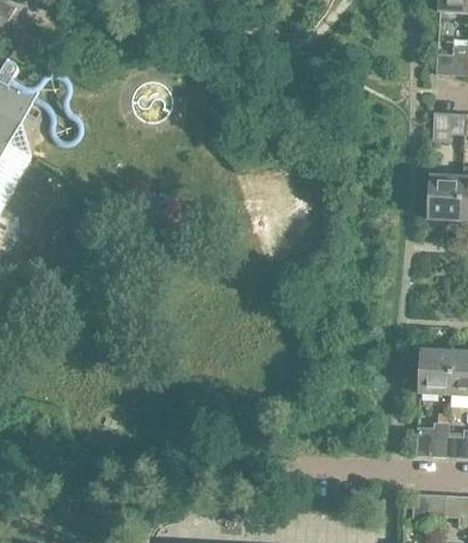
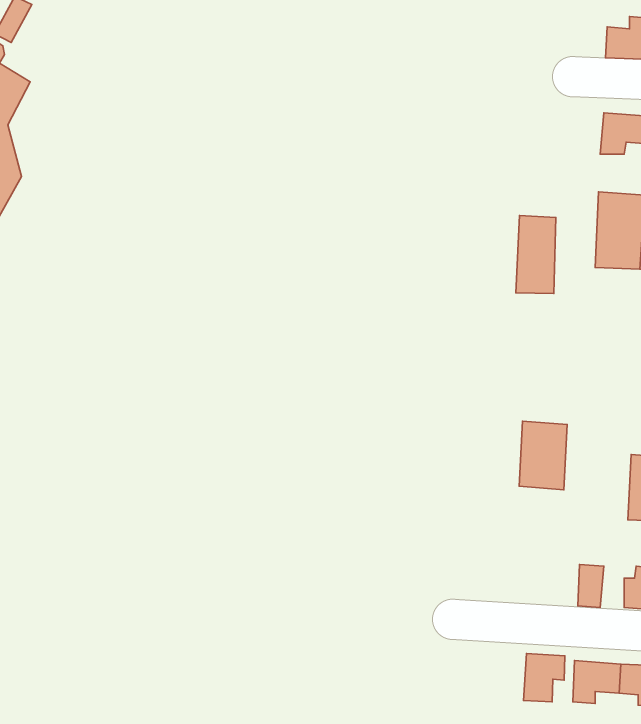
building: none -> [516,215,556,293]
building: [418,347,451,395] -> [519,421,567,490]
building: none -> [524,654,565,702]

